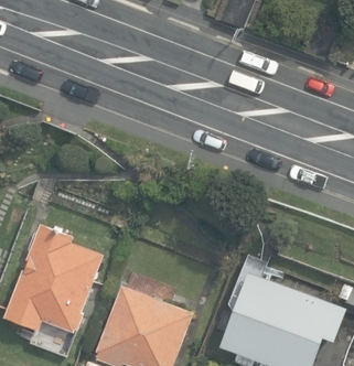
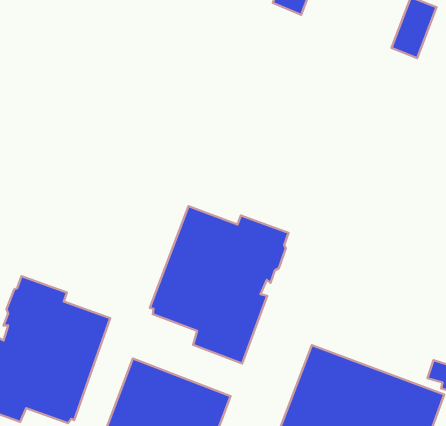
building: none -> [150,206,289,363]

